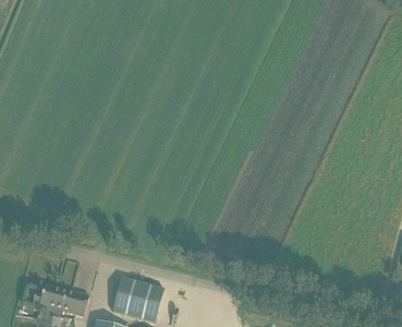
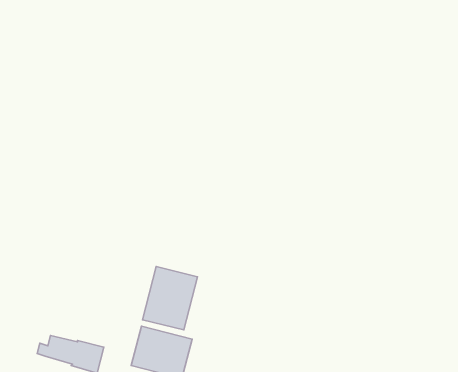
building: none -> [143,267,197,330]

